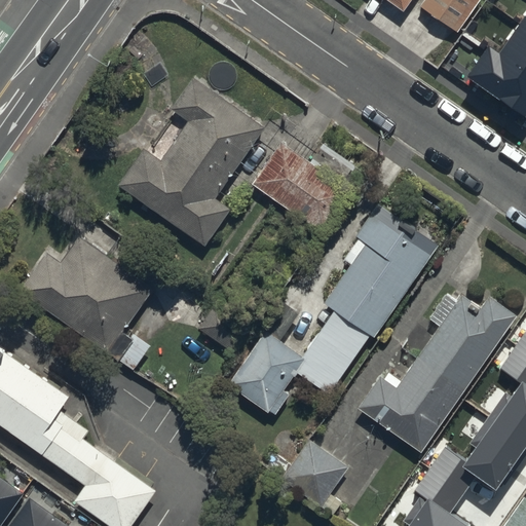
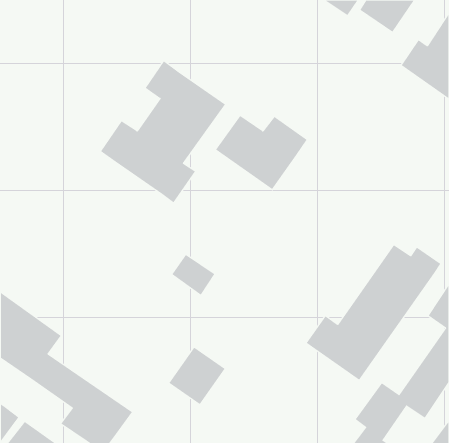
building: [227,201,438,412] -> none
building: [23,235,153,348] -> none
building: [281,443,348,511] -> [168,347,226,405]

